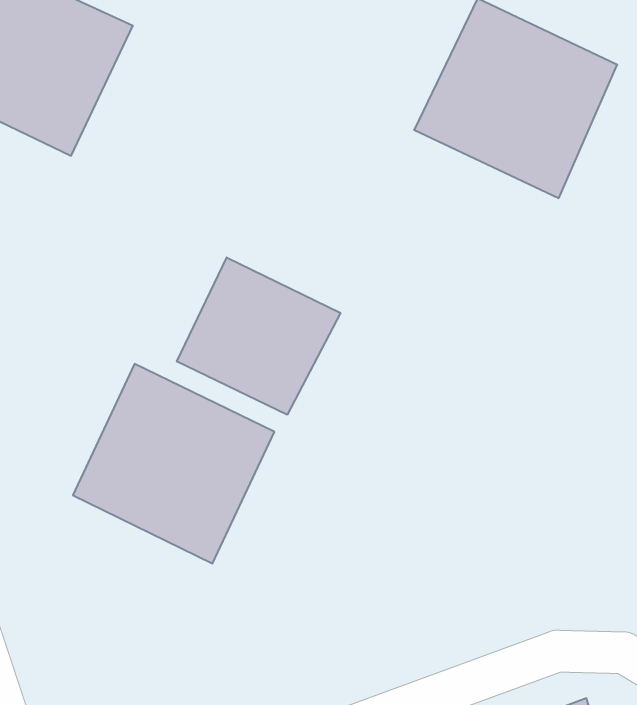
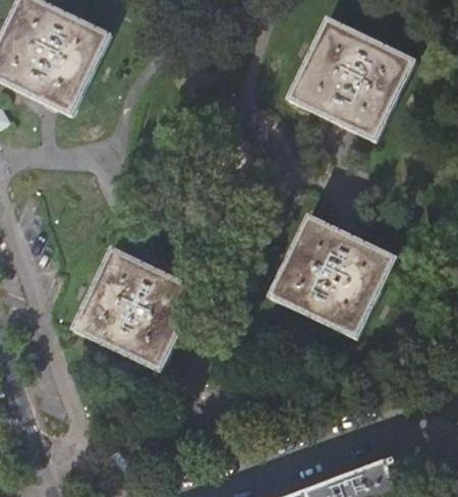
building: [177,257,340,415] -> none
building: none -> [270,215,395,338]

